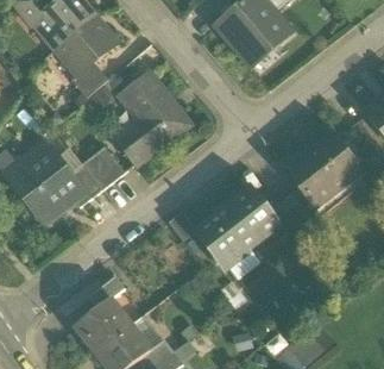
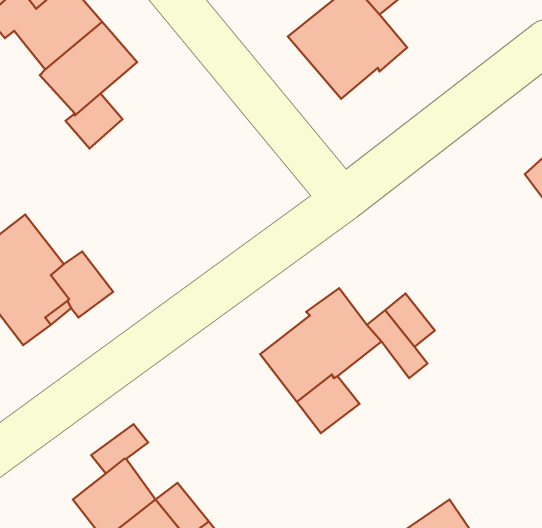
building: [117,71,188,165] -> none
building: [283,132,358,202] -> none
building: [81,146,124,190] -> none

